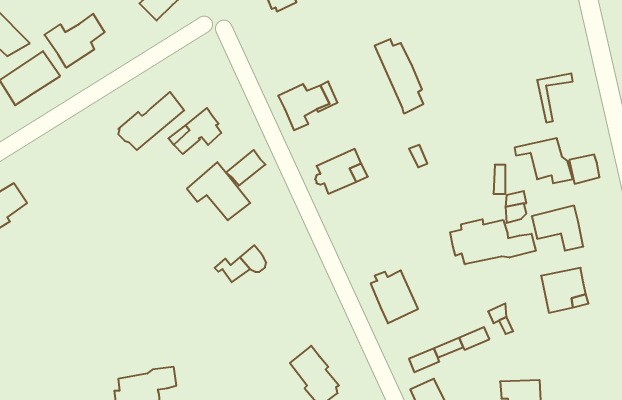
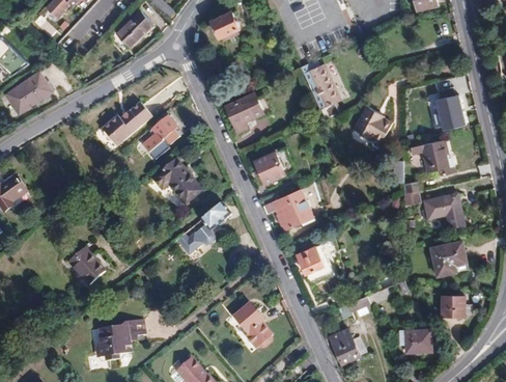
building: [44,14,105,68] -> none
building: none -> [353,105,391,141]
building: [226,150,266,186] -> [200,201,231,229]
building: [569,155,600,184] -> [443,106,467,129]
building: none -> [262,189,313,229]
building: [450,219,536,264] -> none
building: none -> [68,246,106,284]
building: none -> [441,295,463,317]

